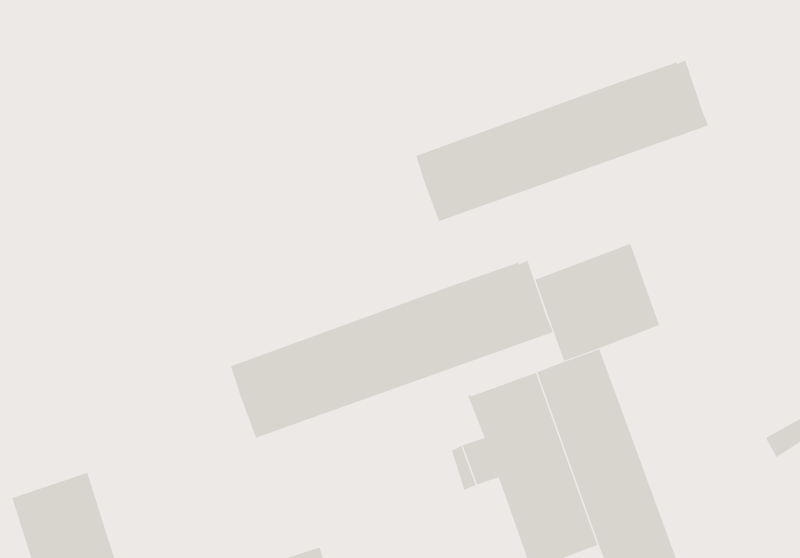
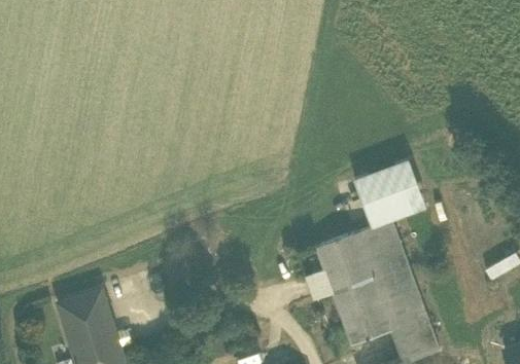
building: [415,60,709,222] -> none
building: [230,260,553,439] -> none

